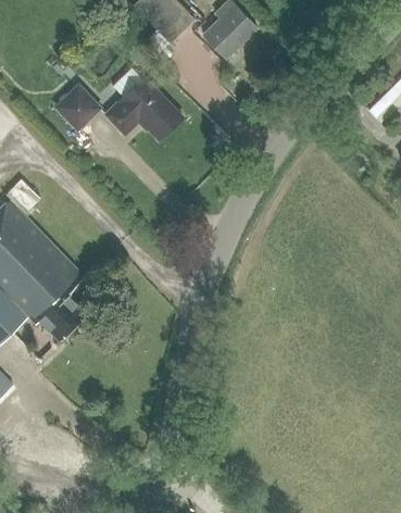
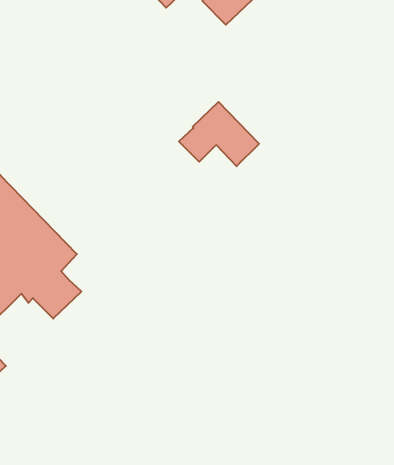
building: [104,77,181,139] -> [179,102,259,166]
building: [52,83,101,130] -> none

